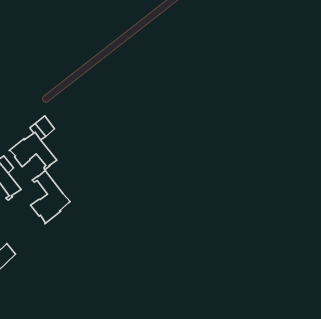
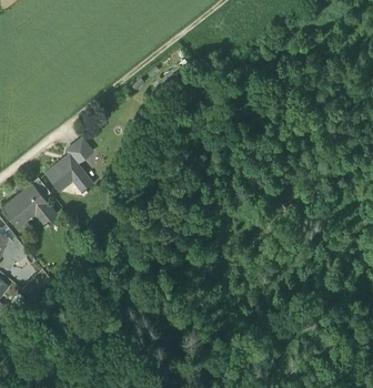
building: [31,171,70,224] -> none

